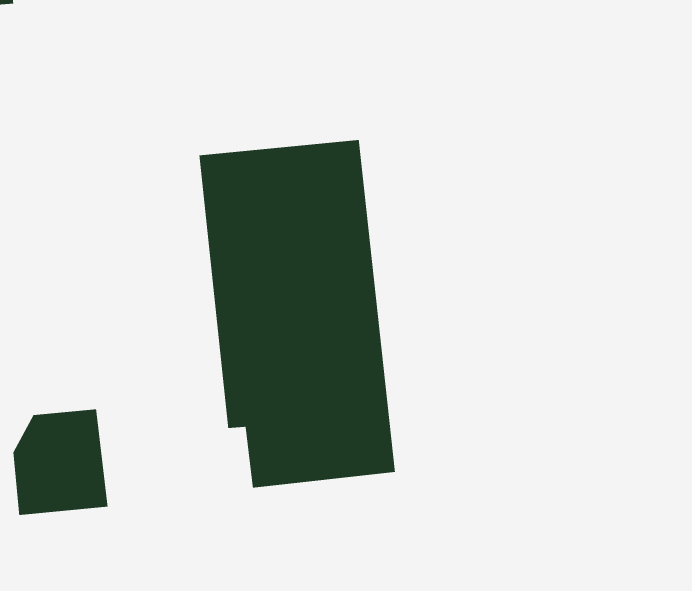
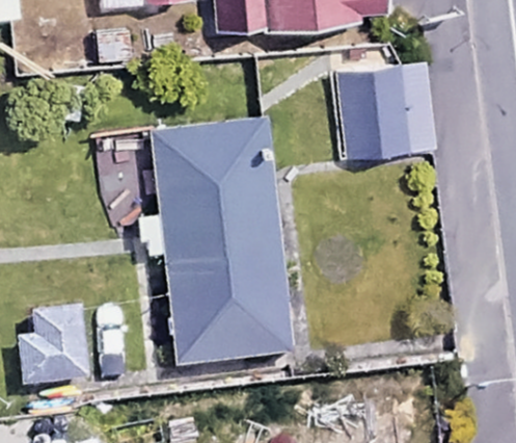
building: none -> [342,59,435,160]

